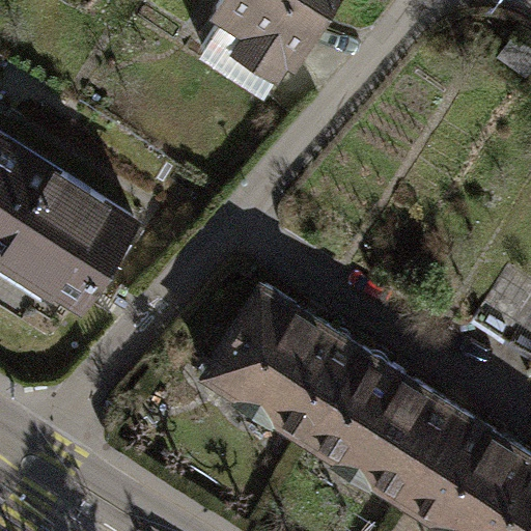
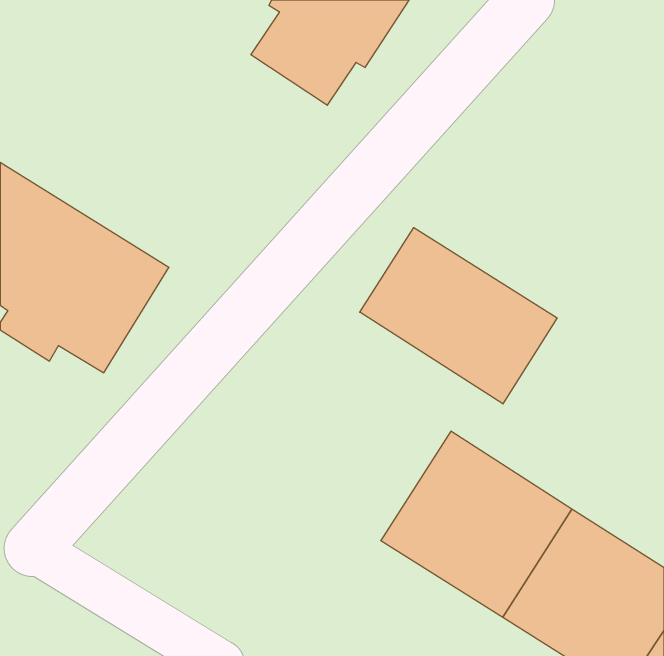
building: none -> [360,228,557,404]
building: [204,287,360,438] -> none

